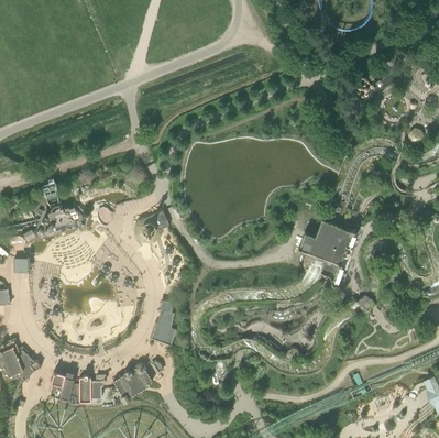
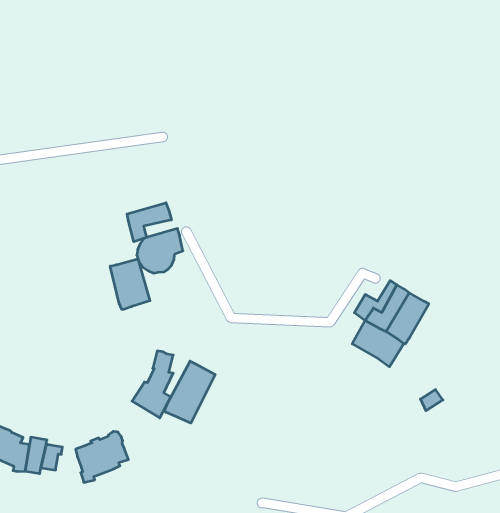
building: none -> [127,203,171,242]
building: none -> [110,259,150,309]
building: none -> [164,361,215,423]

